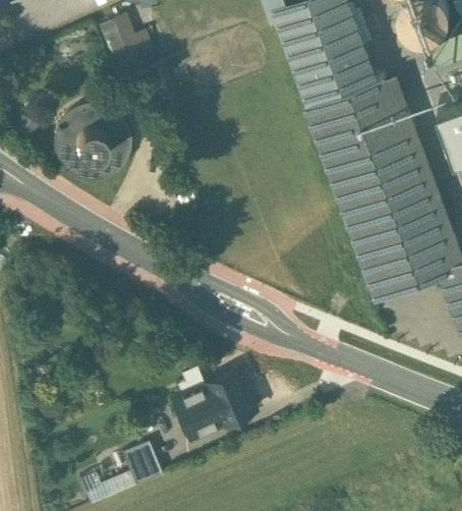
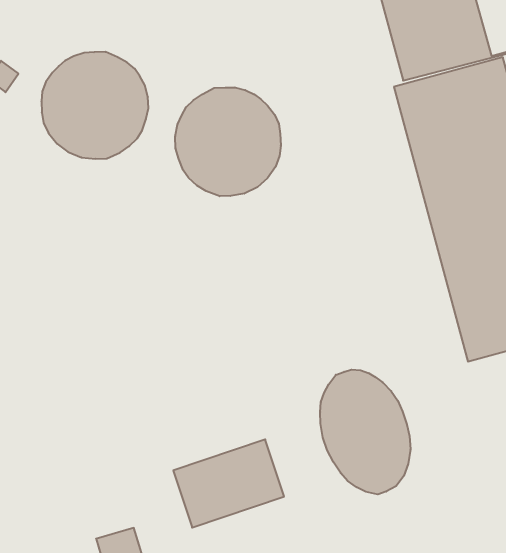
building: none -> [175,87,281,196]
building: none -> [320,370,410,494]

